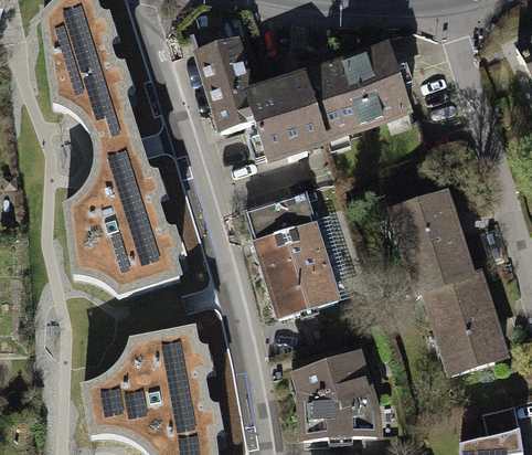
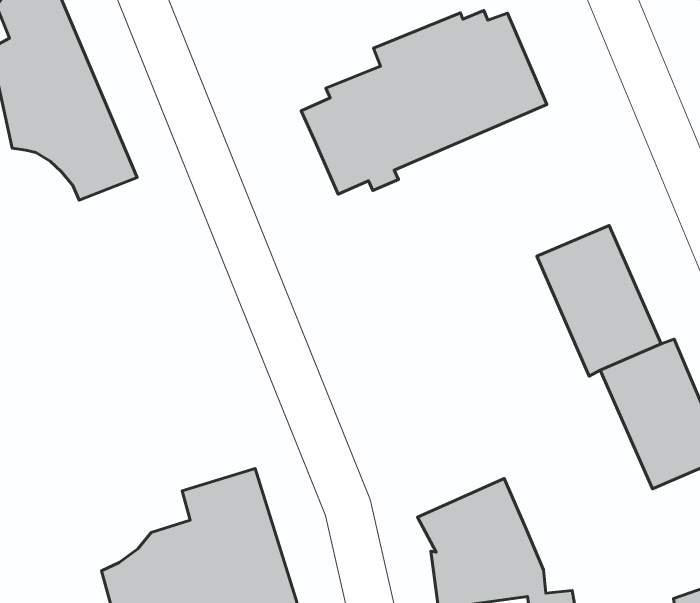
building: [199,40,255,128] -> none
building: [67,131,180,292] -> none
building: [245,191,339,316] -> none

